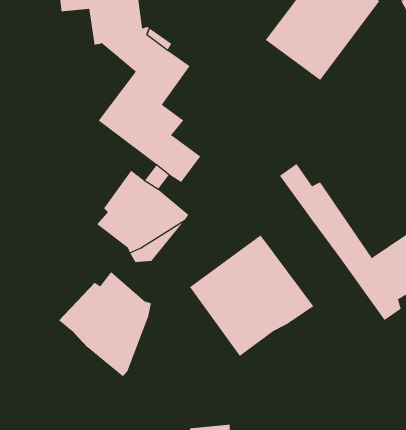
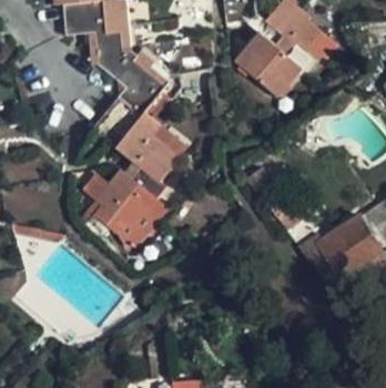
building: [189,234,314,357] -> none
building: [58,271,152,377] -> none

